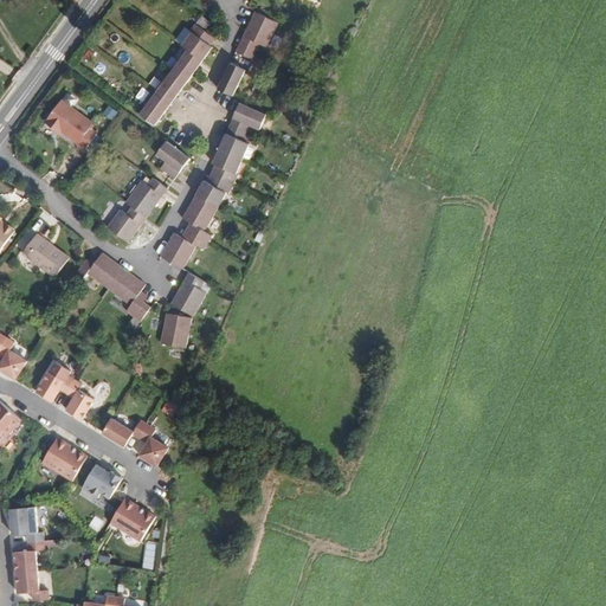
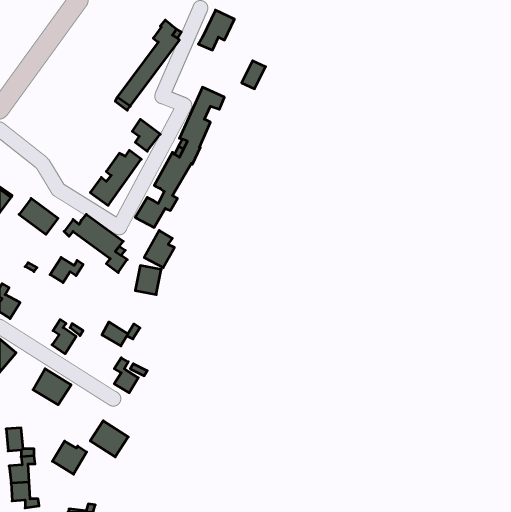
building: [217,63,245,96] -> [242,61,266,89]
building: [44,101,97,150] -> none
building: [32,369,71,399] -> [50,257,83,283]
building: [98,415,143,444] -> [102,322,140,346]
building: [78,463,118,502] -> [52,441,87,474]

